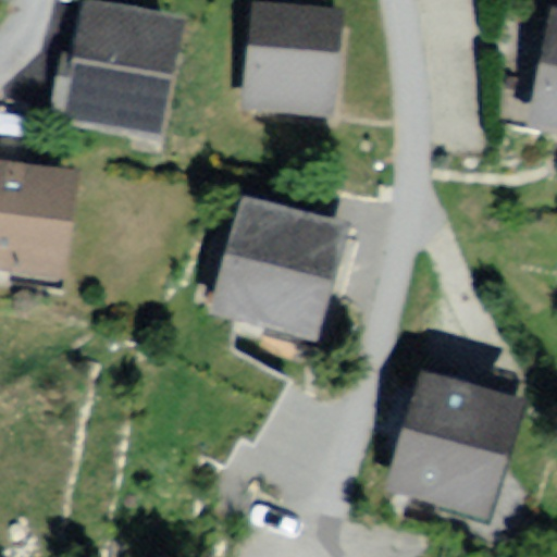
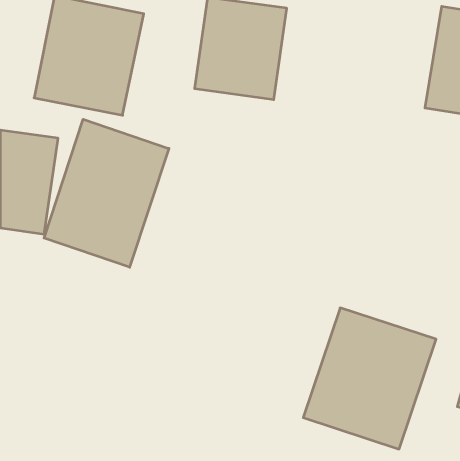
building: none -> [44,119,169,267]
building: [207,200,351,345] -> none

